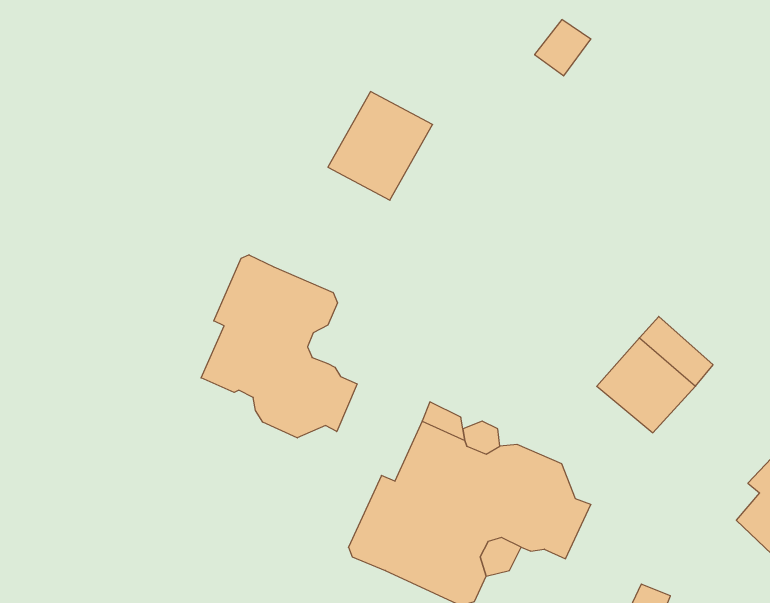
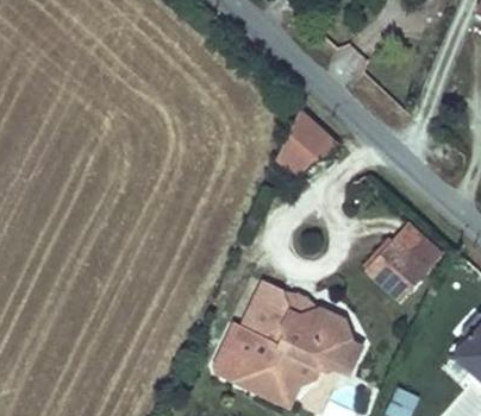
building: [328,92,433,200] -> [270,111,335,177]
building: [201,255,357,438] -> none

